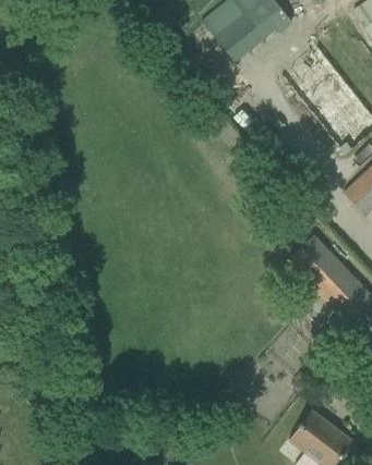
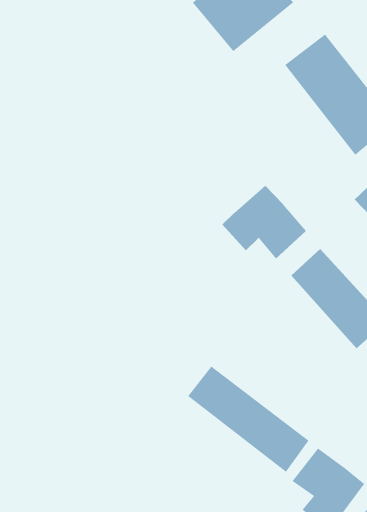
building: none -> [222,185,307,259]
building: none -> [187,366,310,473]

